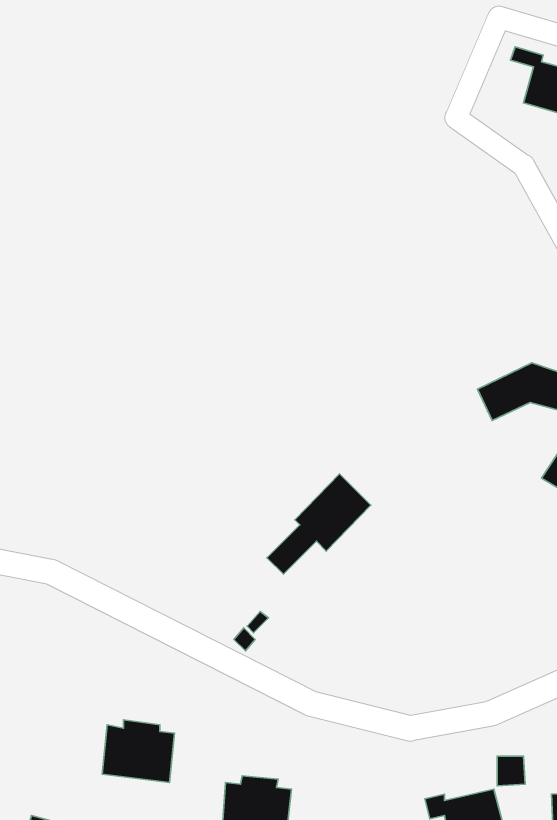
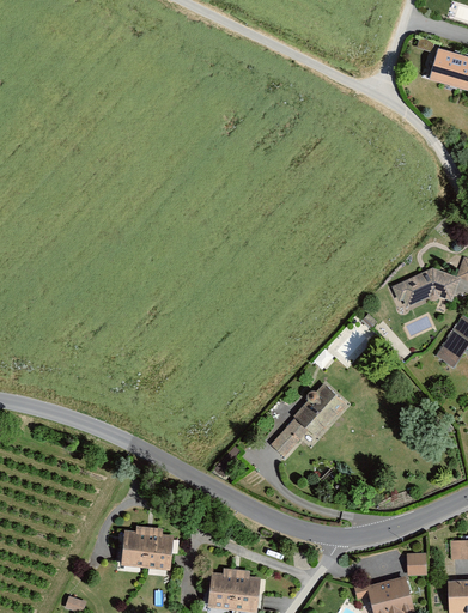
building: [267,474,371,574] -> [272,383,347,456]

